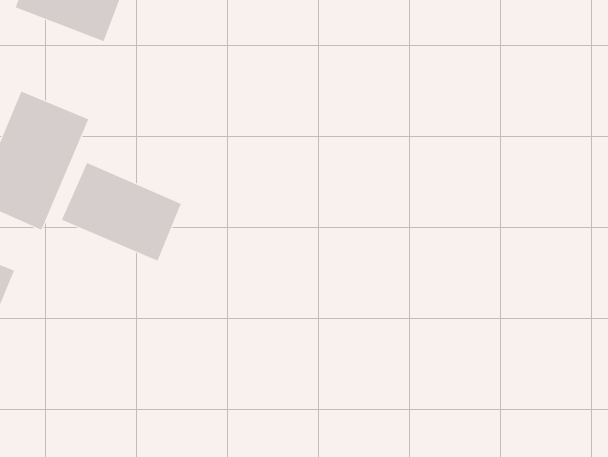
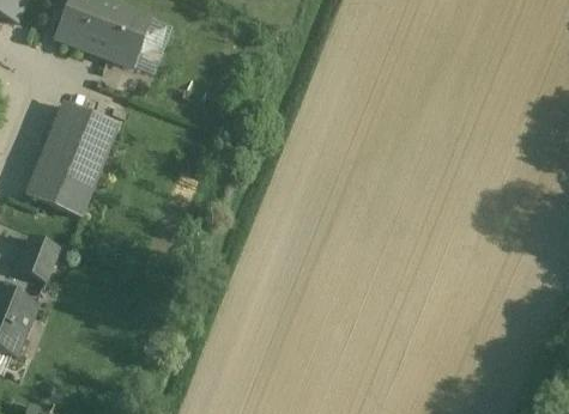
building: [61,162,182,261] -> none

